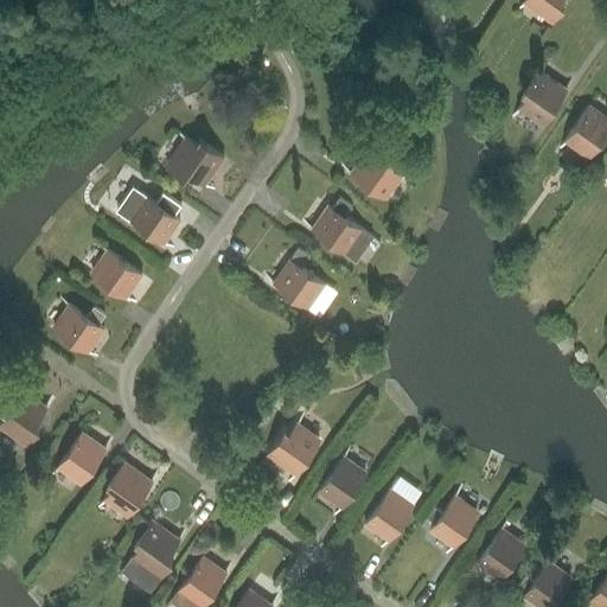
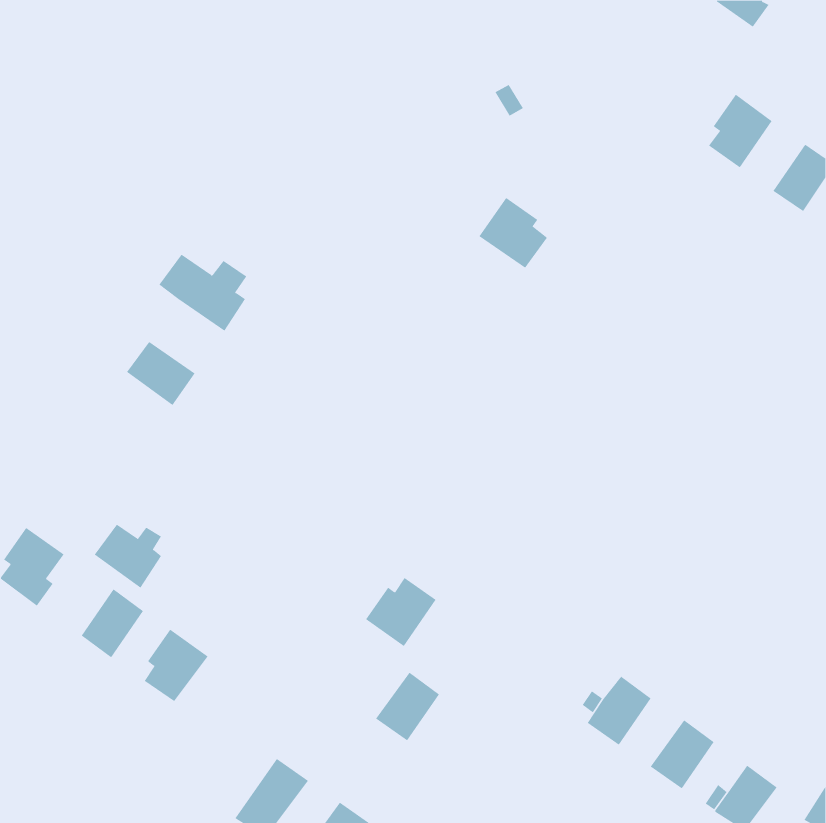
building: [167,140,225,187] -> none
building: [312,200,373,262] -> none
building: [274,262,325,309] -> none
building: [55,307,104,354] -> [94,524,162,588]
building: [319,459,366,510] -> [375,672,440,741]
building: [365,492,413,542] -> none
building: [123,522,180,593] -> none

